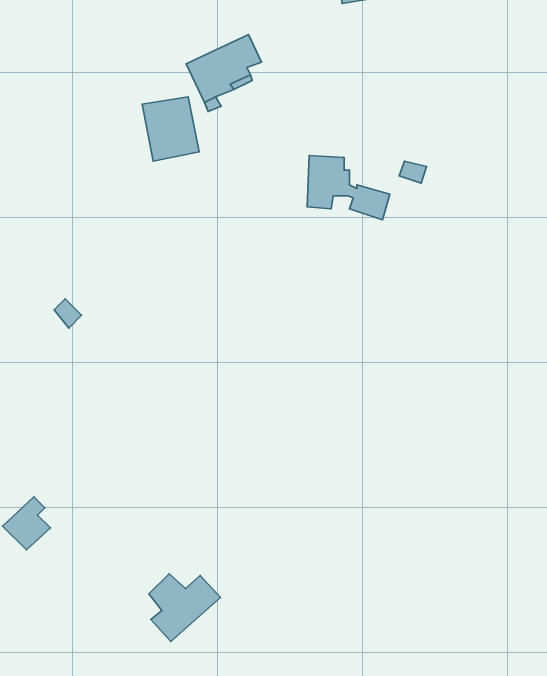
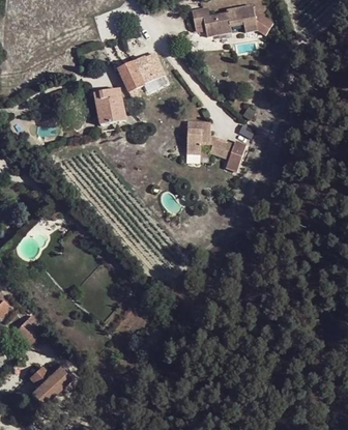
building: [149,574,220,642] -> [31,367,71,405]

